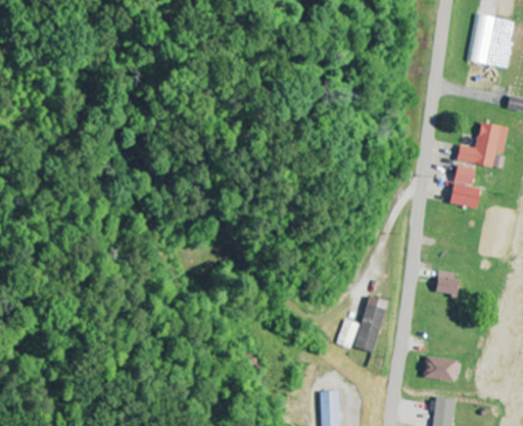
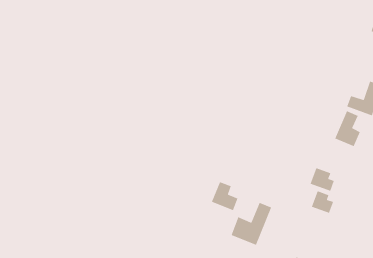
building: none -> [309,167,335,192]
building: none -> [211,181,239,211]

